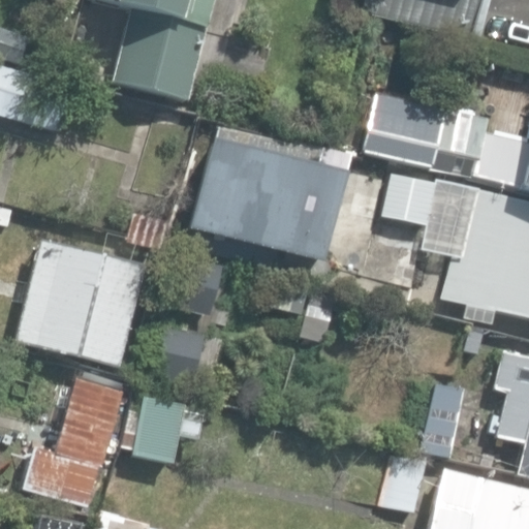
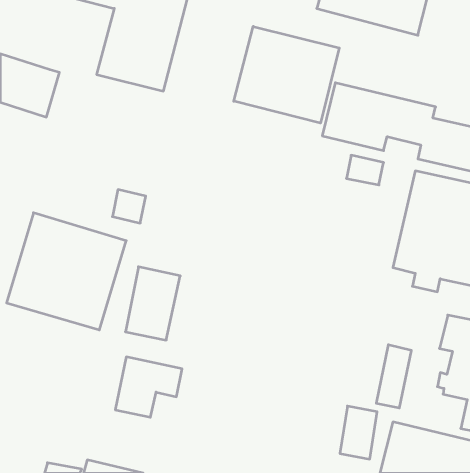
building: none -> [234,26,339,123]
building: [190,127,342,262] -> none
building: [22,379,124,506] -> none

